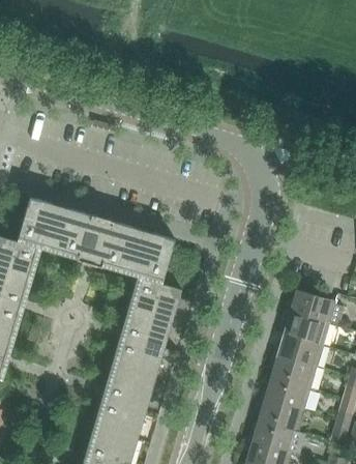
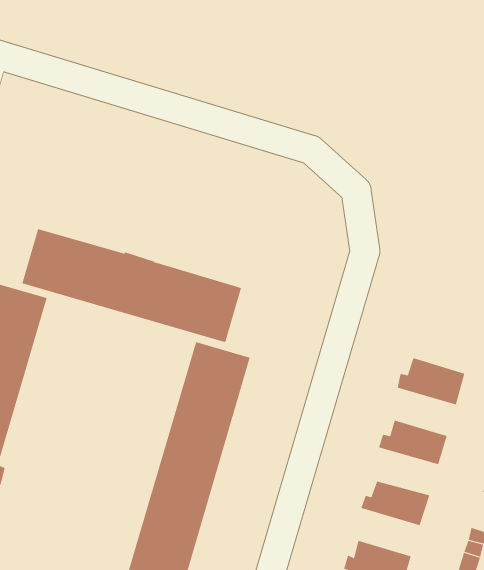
building: [283,311,328,345] -> none
building: [271,353,316,387] -> none
building: [257,397,302,431] -> none

